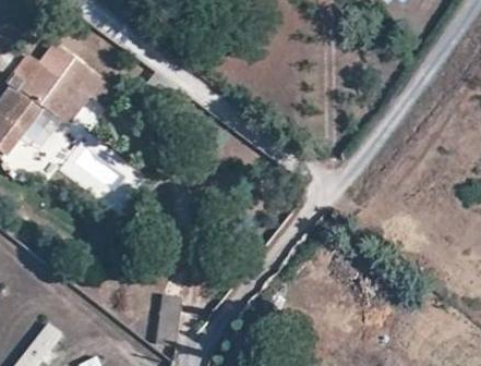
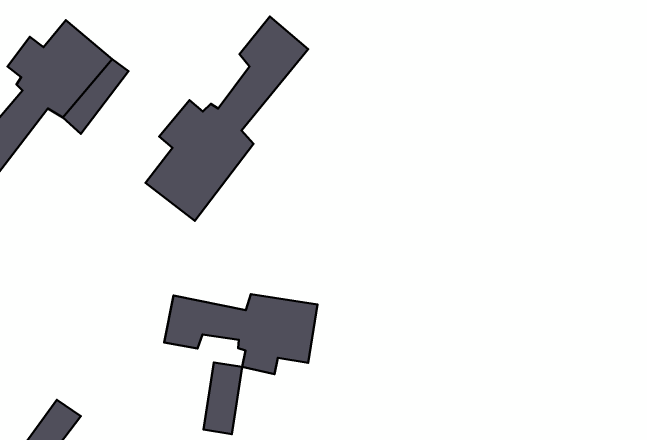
building: none -> [146,16,308,221]
building: none -> [164,294,318,374]

